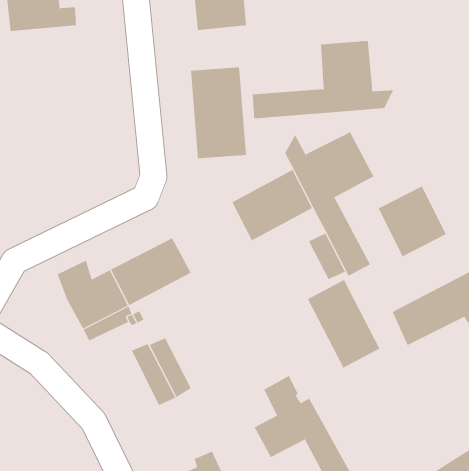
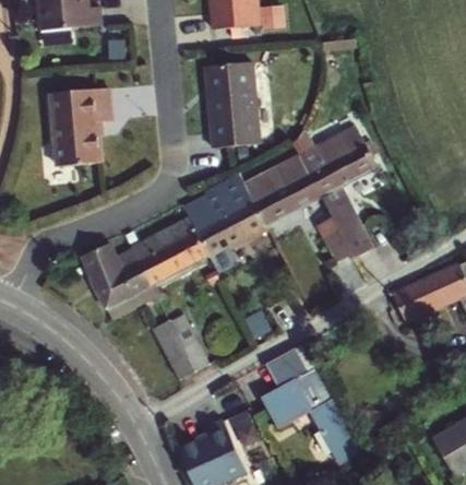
building: [252,40,394,119] -> none
building: none -> [51,87,111,166]
building: [378,185,447,257] -> none
building: none -> [182,175,263,270]
building: [307,279,380,368] -> none

